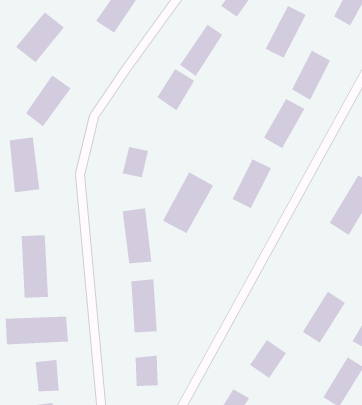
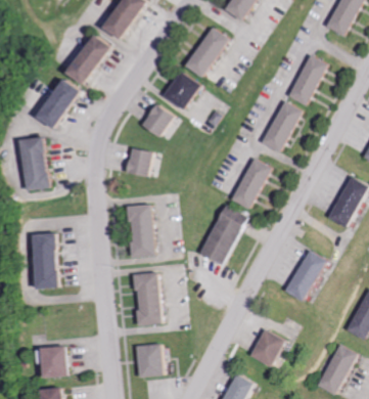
building: [265,5,307,59] -> none
building: [15,11,65,63] -> [65,37,112,86]
building: none -> [141,107,172,138]
building: [162,171,214,234] -> [197,205,246,264]
building: [302,291,346,344] -> [284,253,326,303]
building: [5,316,69,345] -> none

